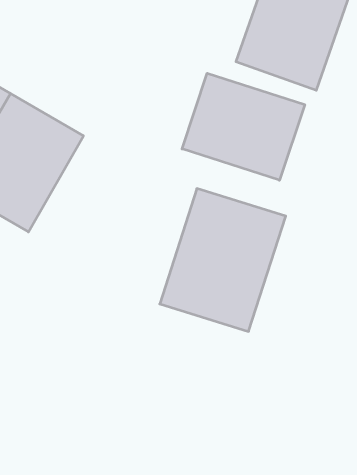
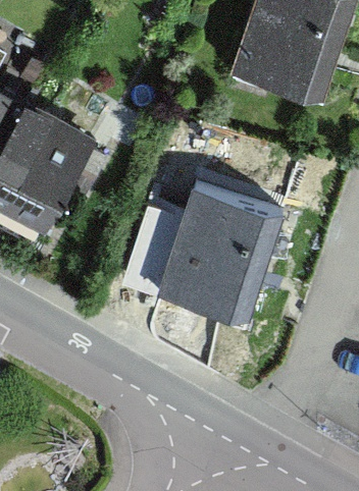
building: [182,73,305,180] -> none

